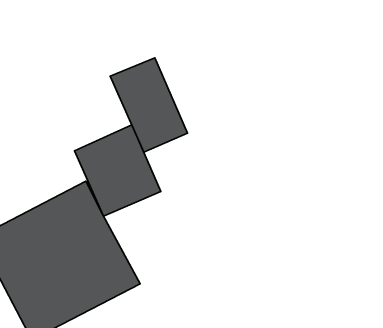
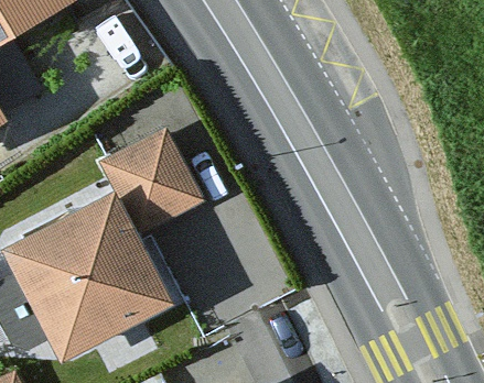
building: [110,58,187,152] -> none

